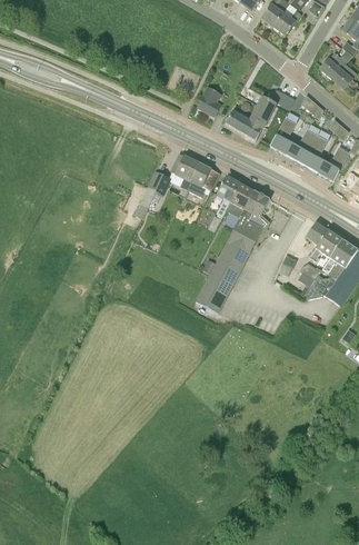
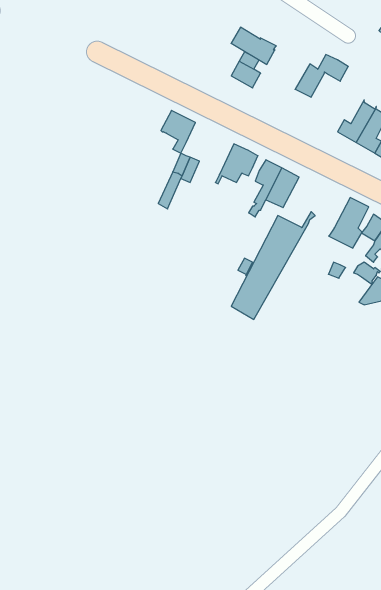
building: [227,109,265,140] -> [231,27,276,64]
building: [270,111,298,153] -> none
building: [171,153,200,189] -> [161,110,195,153]
building: [237,191,270,234] -> [329,198,369,248]

